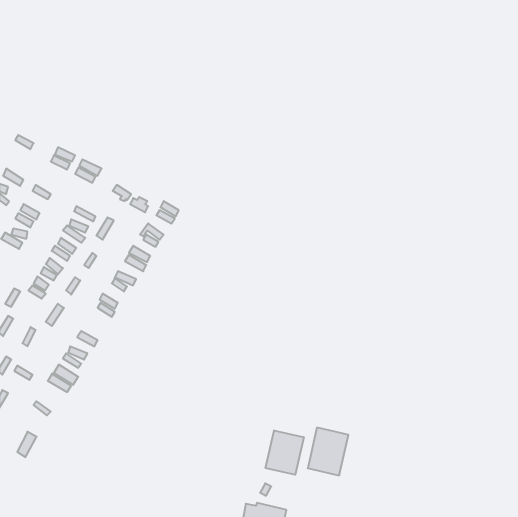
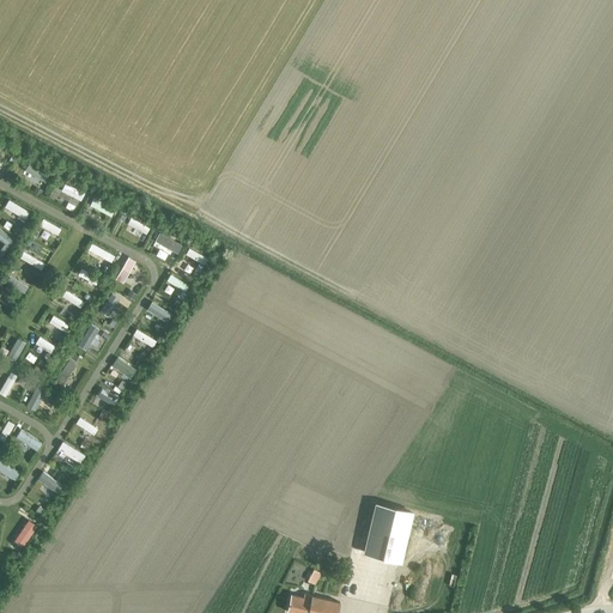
building: [266,430,304,475] -> none

